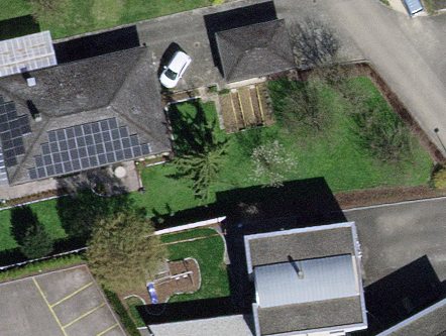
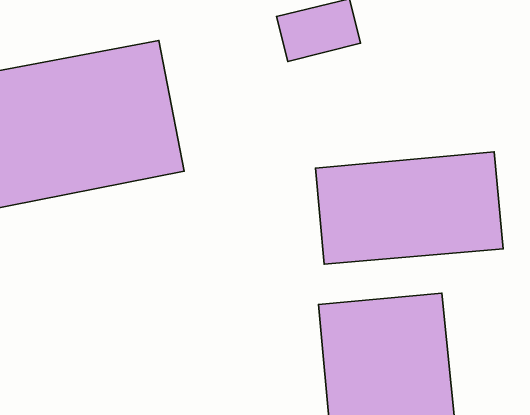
building: none -> [316,152,503,264]

